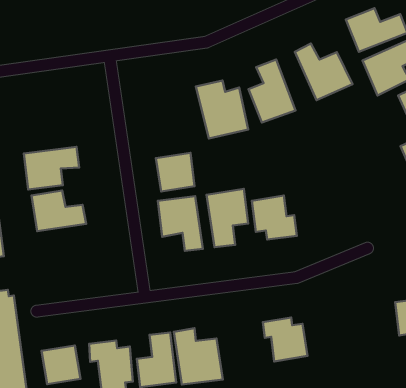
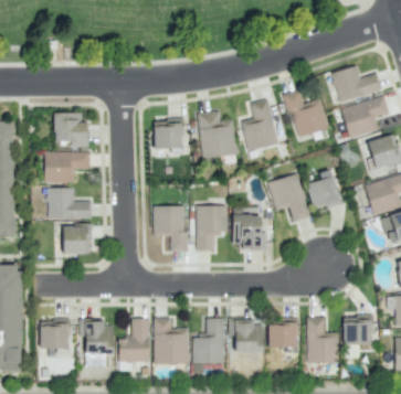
building: none -> [54,114,88,147]
building: none -> [306,170,341,211]
building: none -> [268,174,310,223]
building: [156,153,195,192] -> [154,119,183,149]
building: none -> [63,226,94,254]
building: none -> [307,318,339,364]
building: none -> [268,318,298,348]
building: none -> [193,319,225,364]

